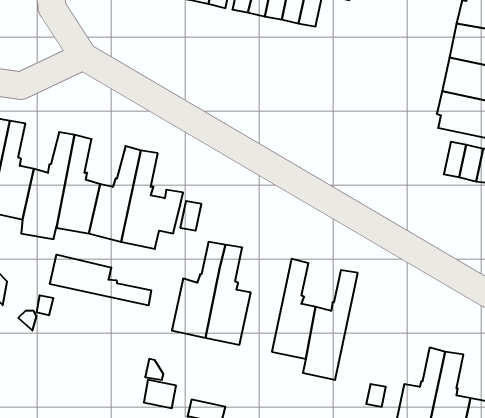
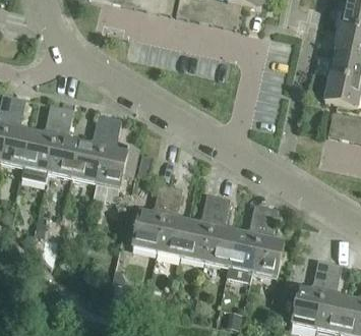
building: [50,255,151,305] -> none
building: none -> [181,192,219,262]
building: none -> [252,205,285,277]

